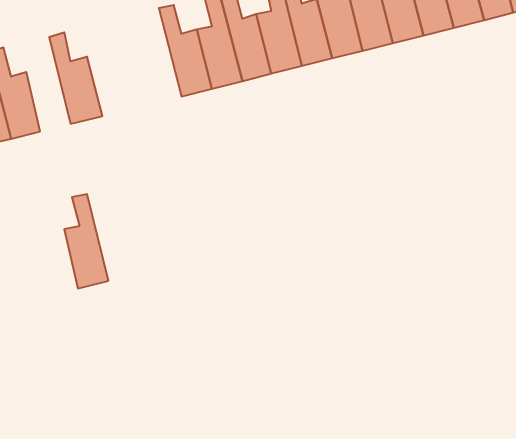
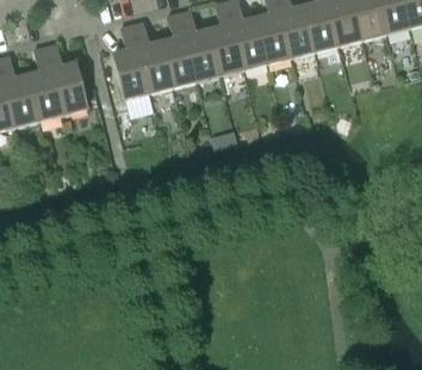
building: none -> [112,24,149,99]
building: [64,194,108,288] -> [27,47,62,121]

